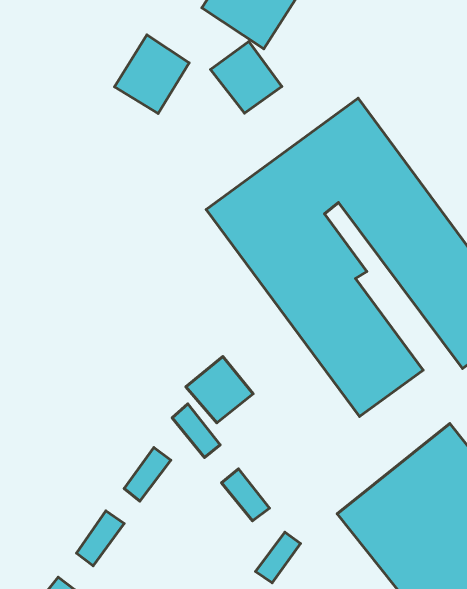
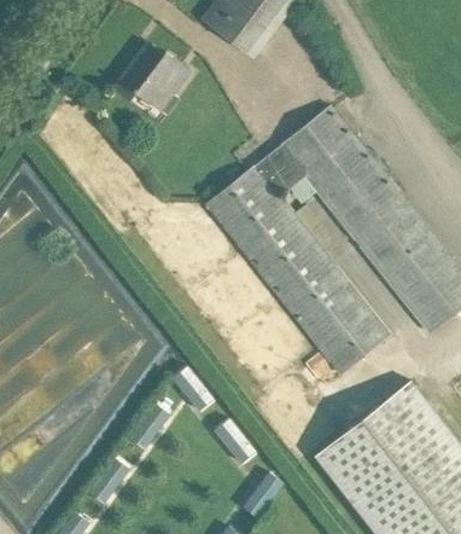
building: [211,41,282,113] -> none
building: [186,357,253,423] -> none

